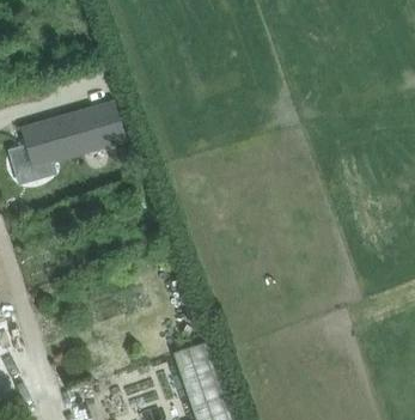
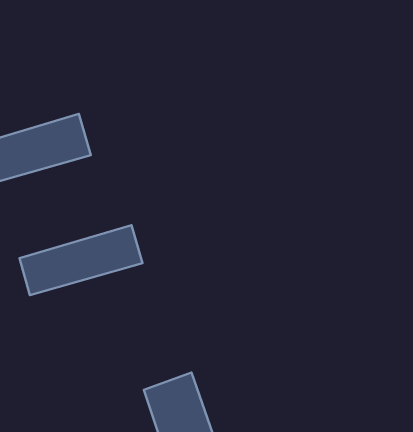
building: none -> [20,225,143,295]

